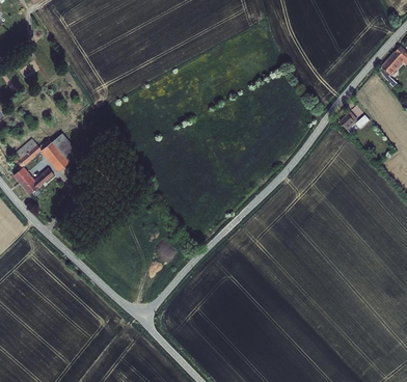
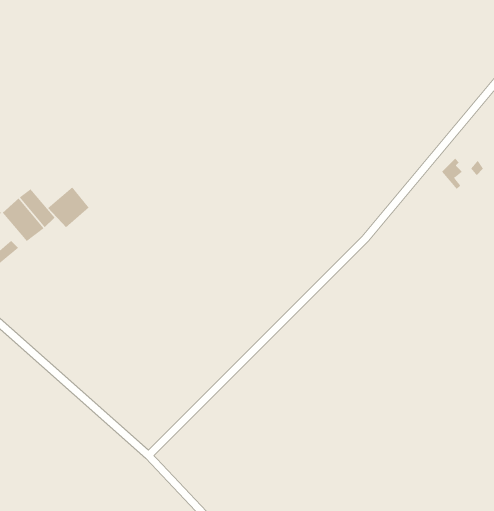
building: none -> [47,187,89,228]

